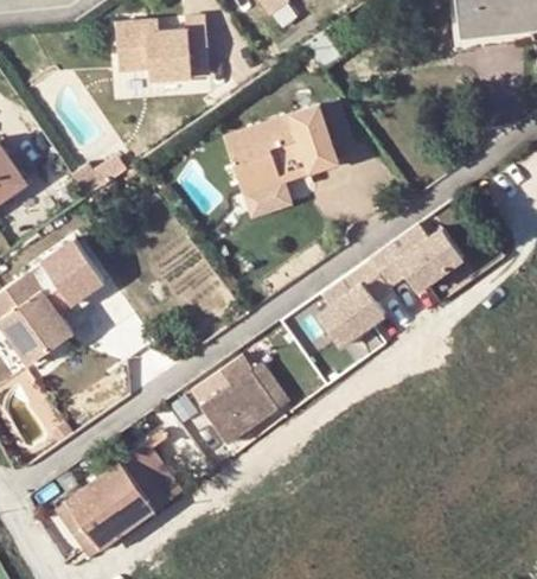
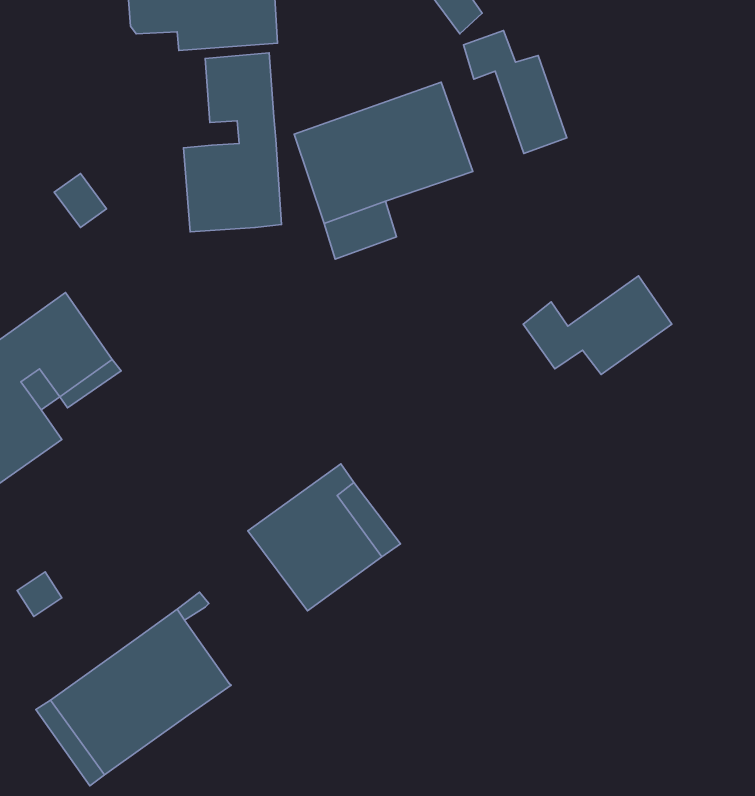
building: none -> [463,31,567,154]
building: none -> [183,53,281,232]
building: [318,259,391,348] -> none

